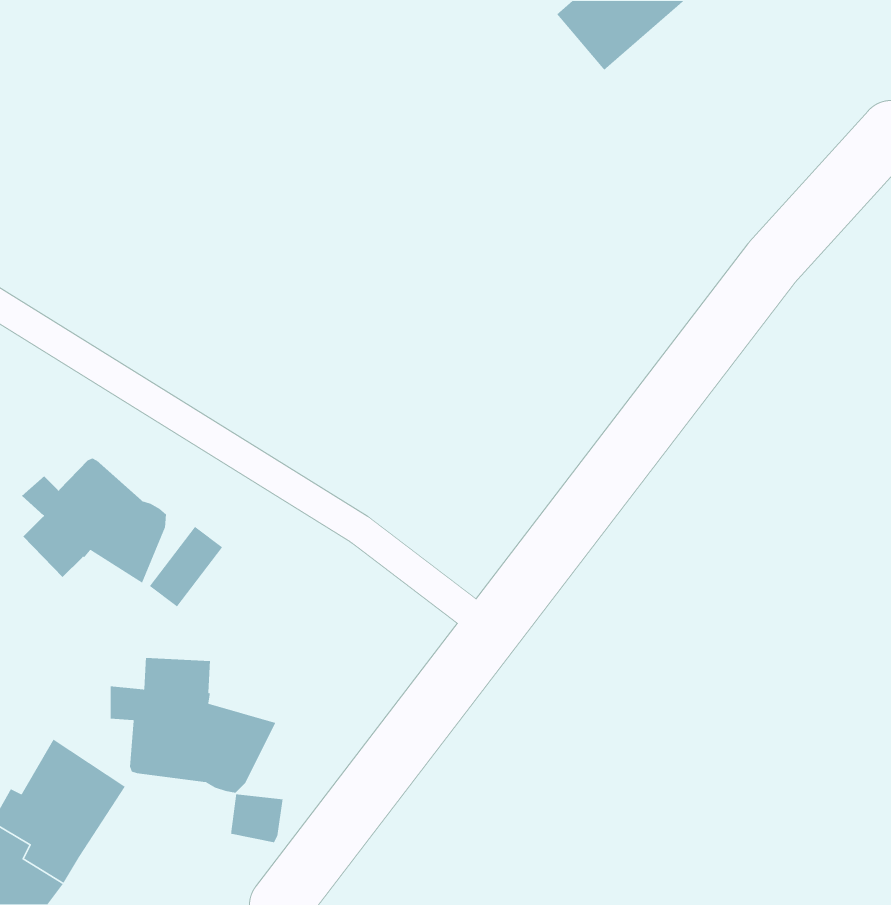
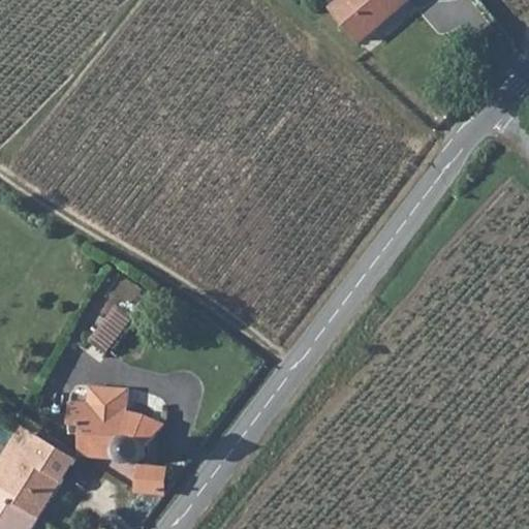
building: [21,457,167,584] -> none

